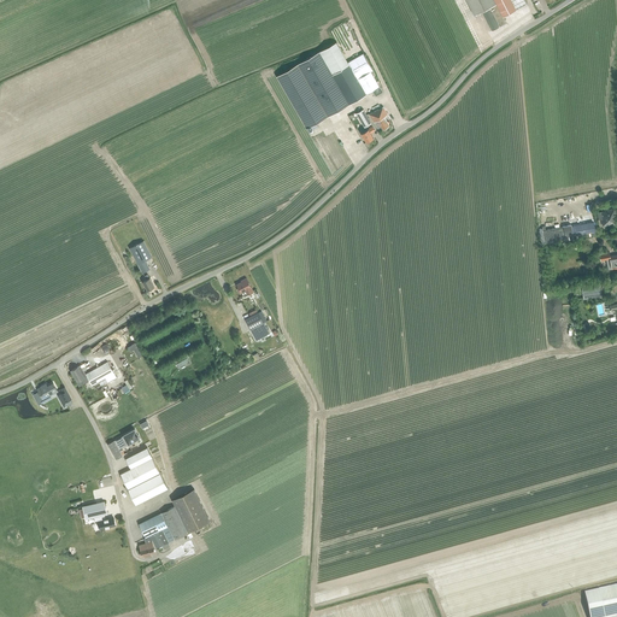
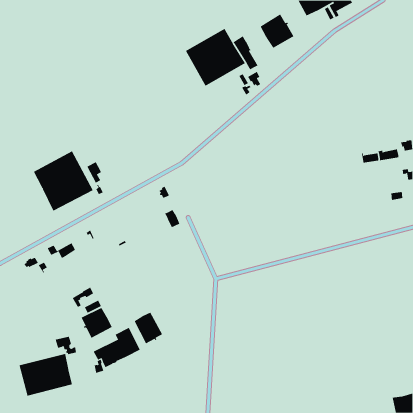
building: none -> [260,13,294,49]
building: none -> [33,151,93,211]
building: none -> [134,312,163,344]
building: none -> [19,353,73,396]

